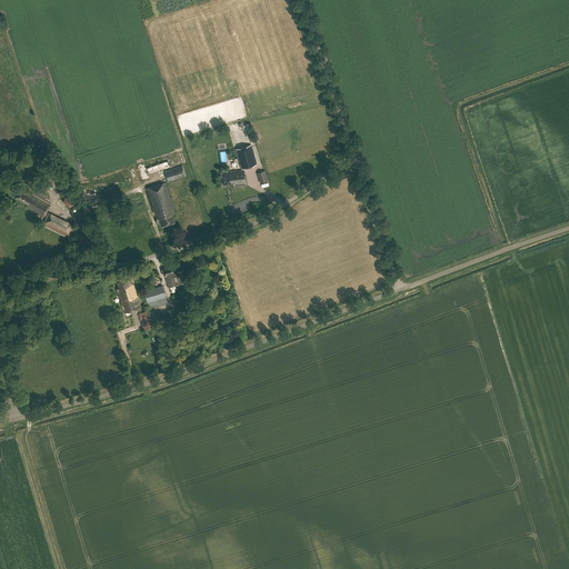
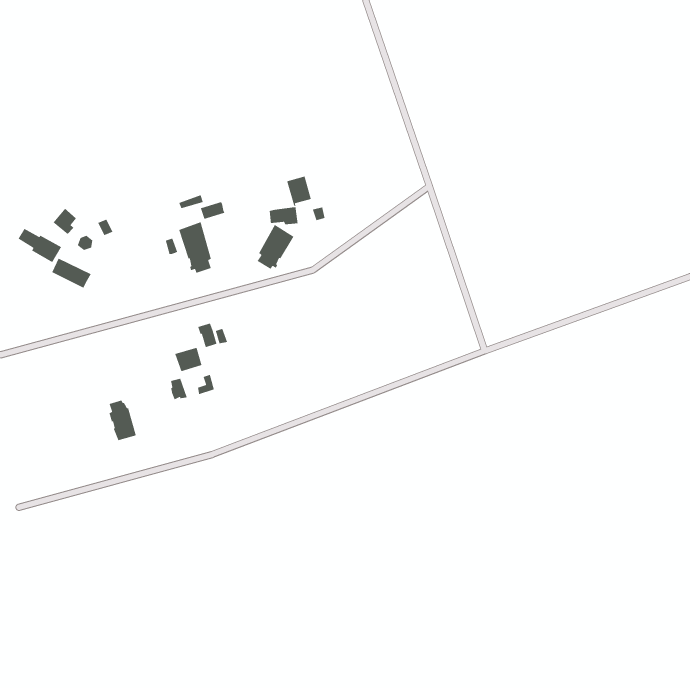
building: none -> [257,224,294,270]
building: [117,279,140,313] -> [108,399,137,441]

